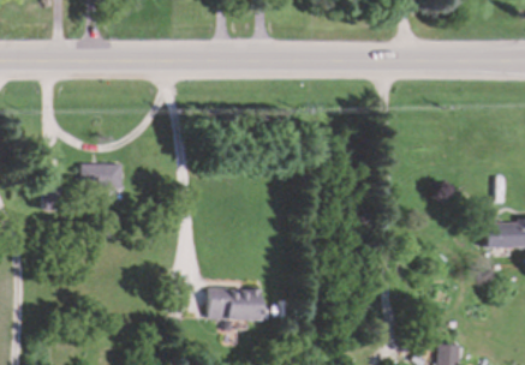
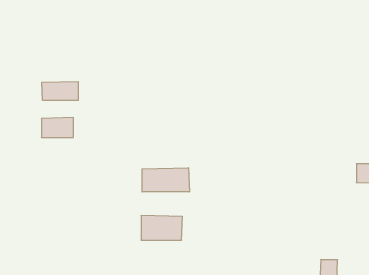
building: none -> [42,82,78,100]
building: none -> [142,168,189,192]

